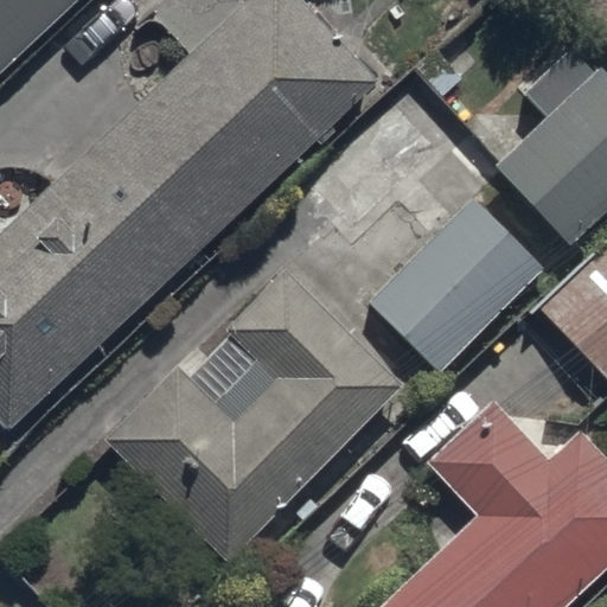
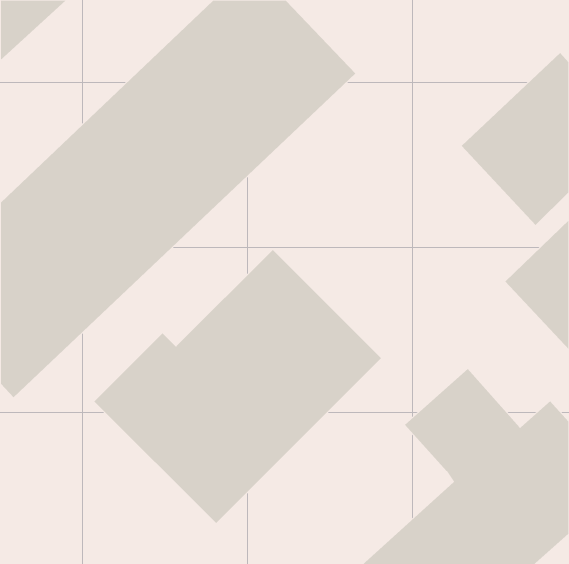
building: [365,196,545,373] -> none

